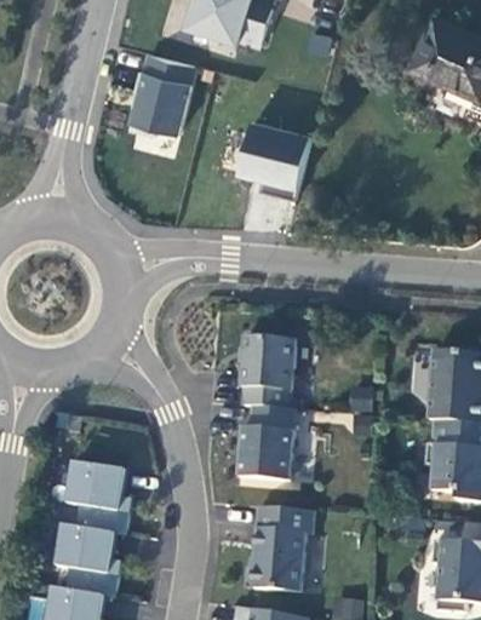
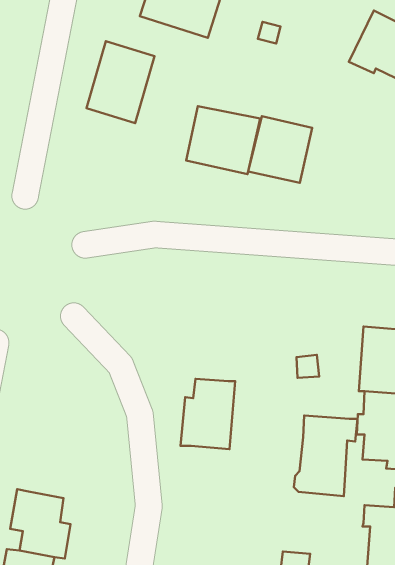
building: none -> [248,116,312,183]
building: [237,337,292,409] -> none
building: [63,461,127,535] -> none
building: [245,507,313,593] -> [294,416,358,496]

